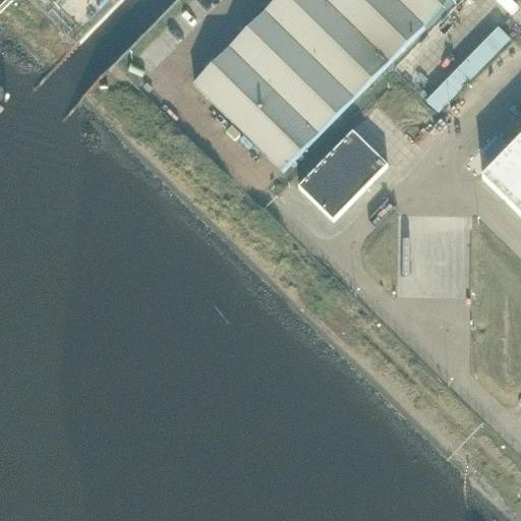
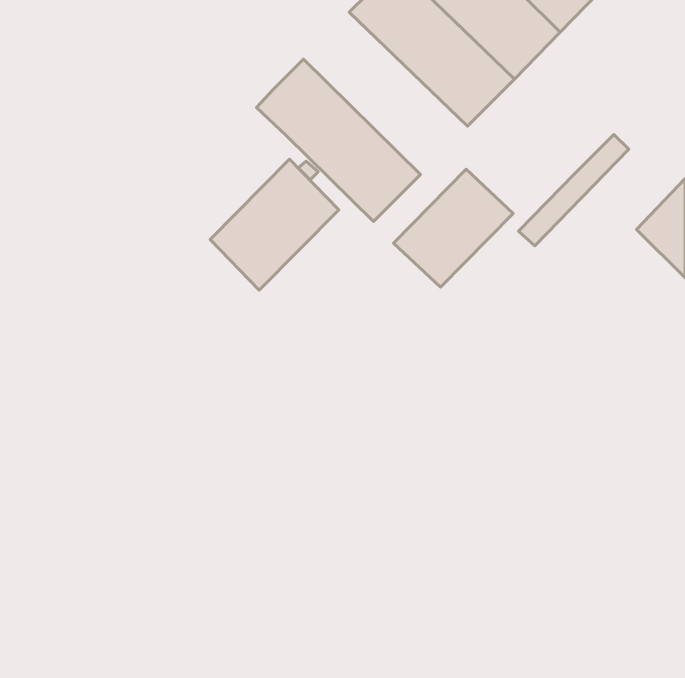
building: [230,9,354,132] -> none
building: [426,24,510,109] -> [519,134,629,246]
building: none -> [210,159,339,290]

